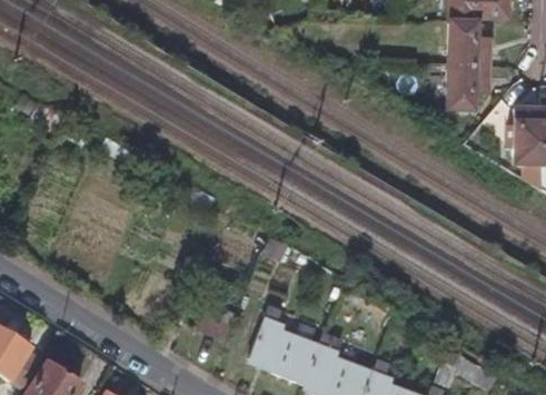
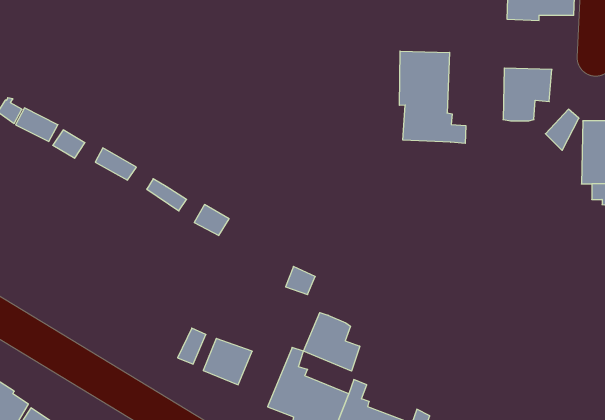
building: [451,21,493,65] -> none
building: none -> [400,51,466,143]
building: none -> [304,313,360,371]

